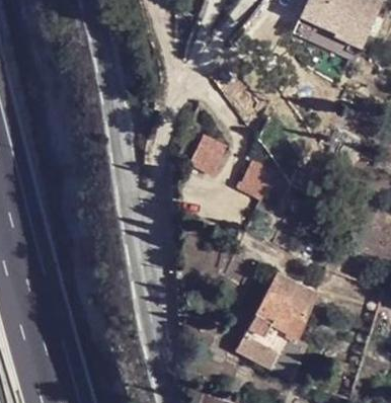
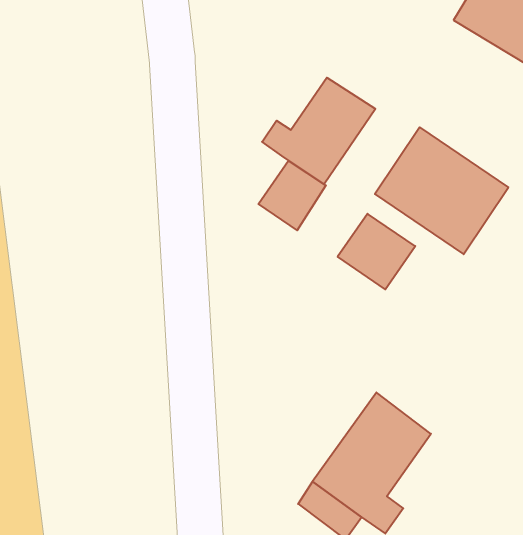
building: none -> [262,78,375,184]
building: none -> [375,127,508,254]

